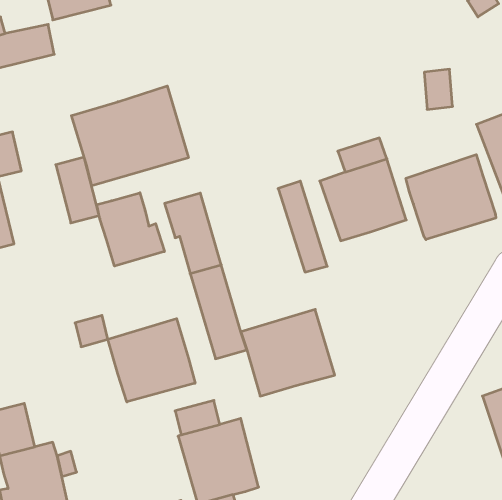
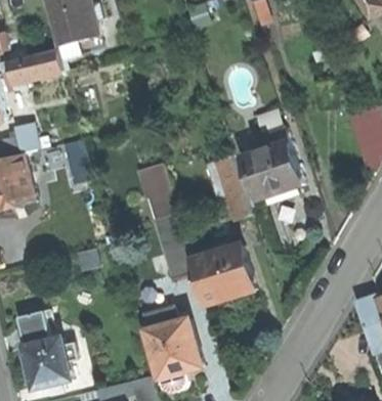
building: [71,86,188,186] -> none
building: [406,155,496,240] -> none
building: [97,193,164,266] -> none
building: [108,319,195,402] -> none

